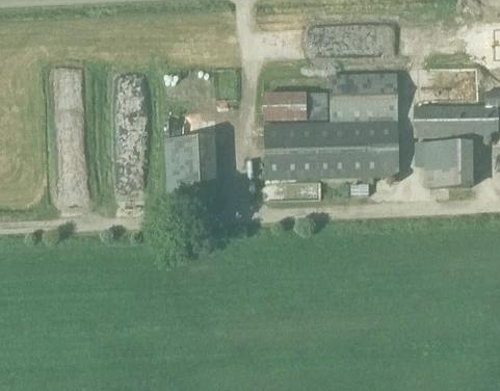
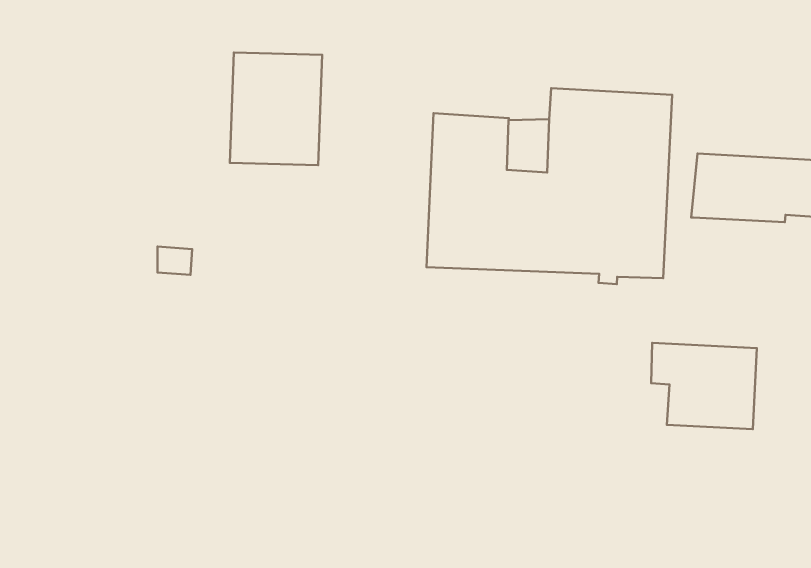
building: [165,136,217,201] -> [230,53,322,165]
building: [413,140,473,187] -> [651,343,757,429]

